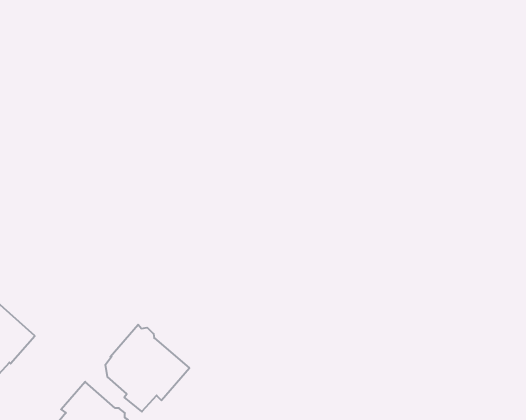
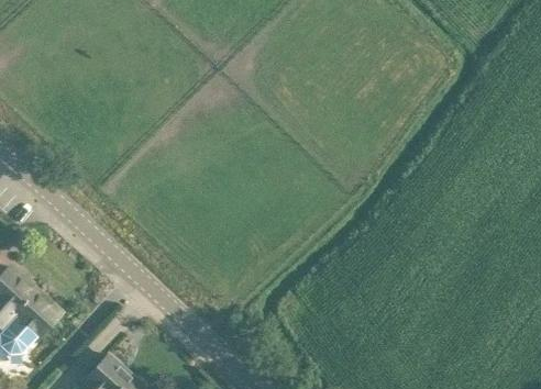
building: [106,325,189,412] -> none

